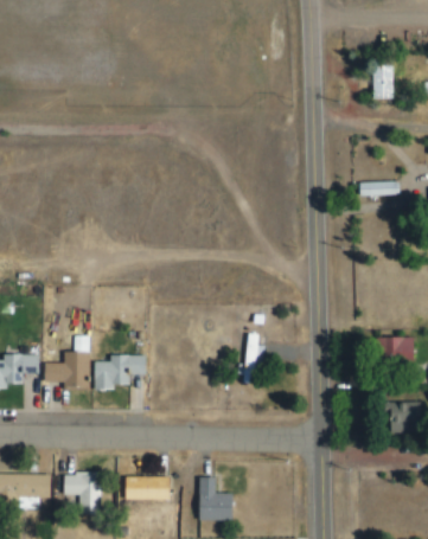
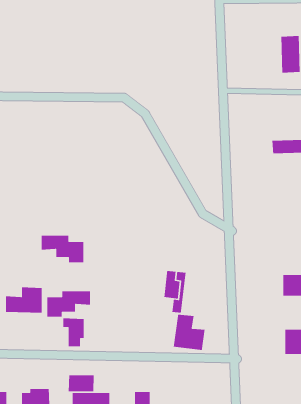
building: none -> [41,235,84,263]
building: none -> [173,314,206,351]
building: none -> [63,318,84,347]
building: none -> [68,374,95,392]

